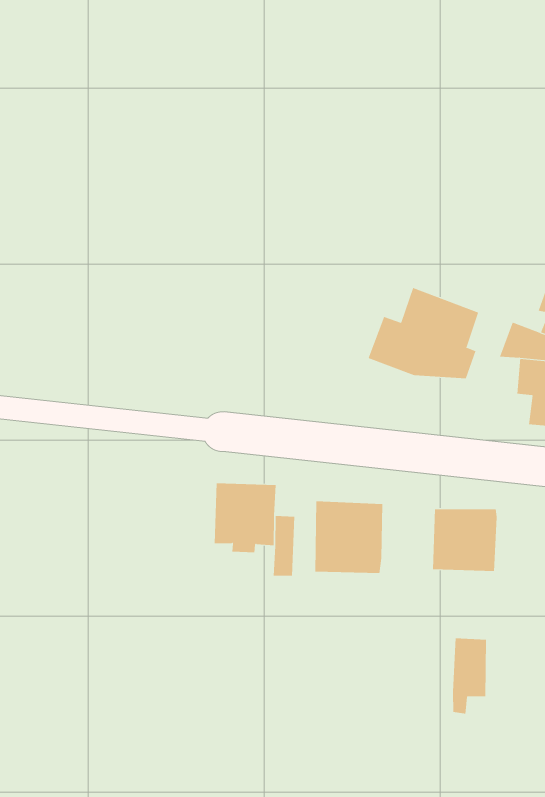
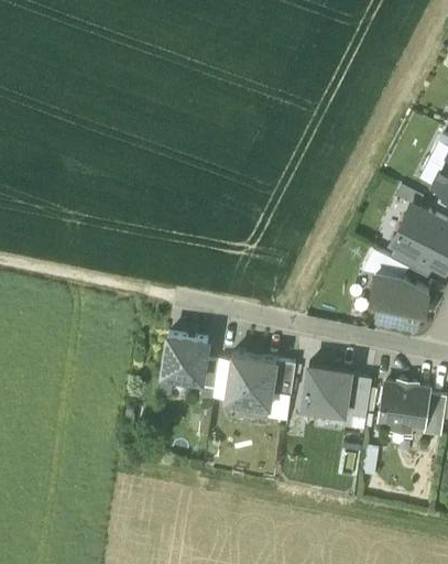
building: [368,287,479,379] -> none
building: none -> [272,360,296,398]
building: [452,638,487,714] -> [343,377,371,427]

